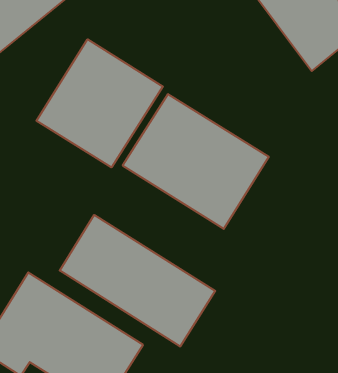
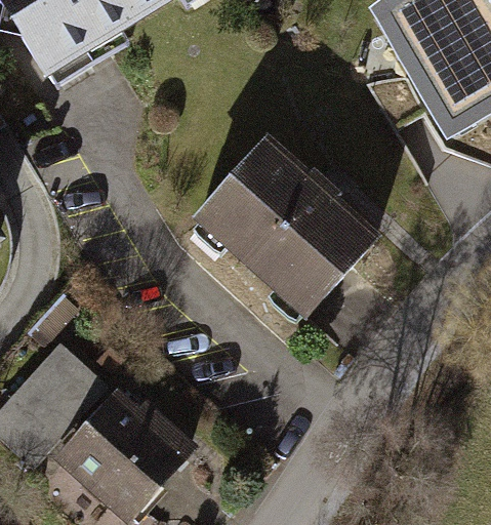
building: [36,39,163,167] -> none
building: [60,215,215,347] -> none

